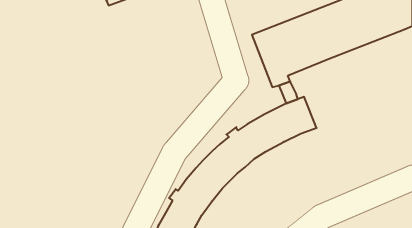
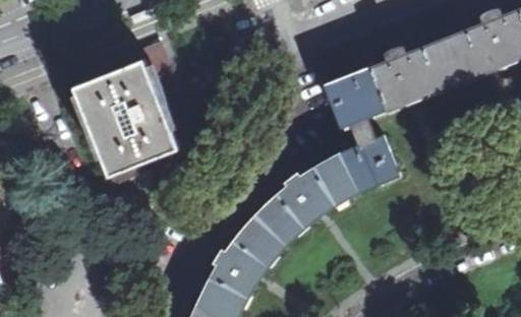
building: none -> [73,50,172,172]

